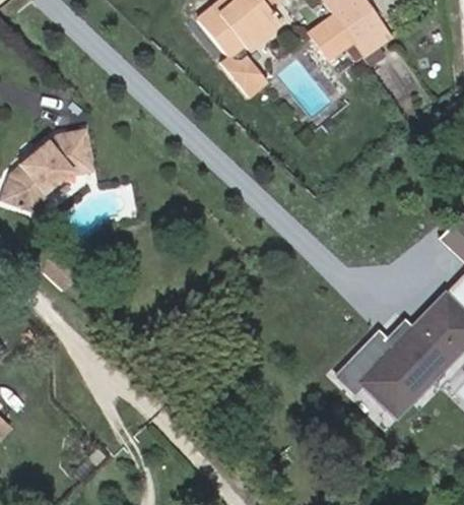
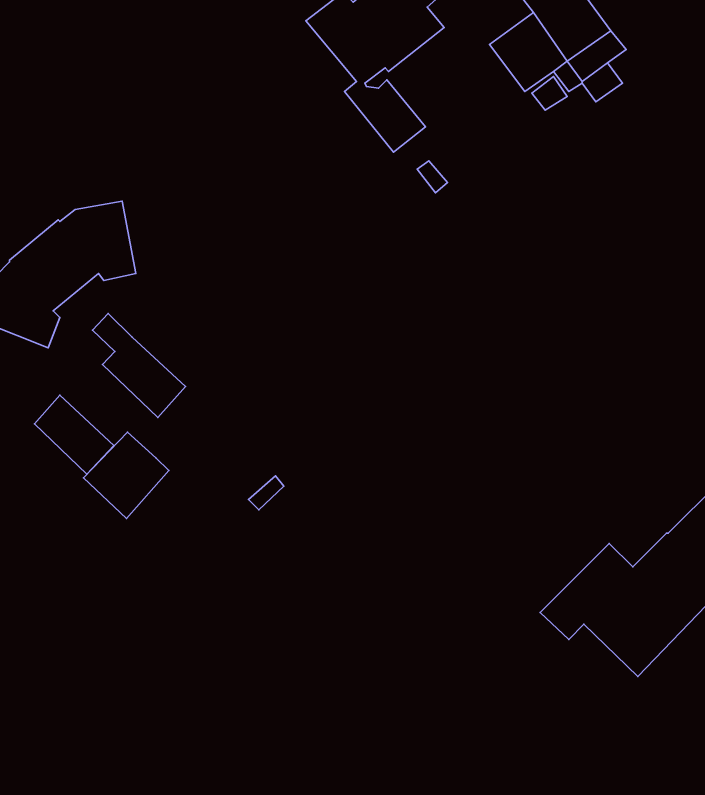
building: none -> [93,314,186,417]
building: none -> [83,432,169,518]

